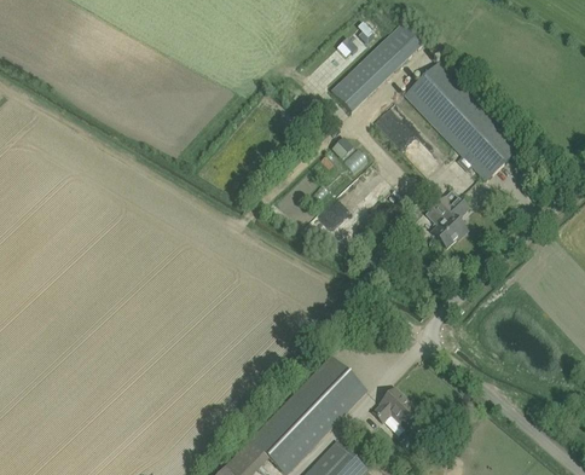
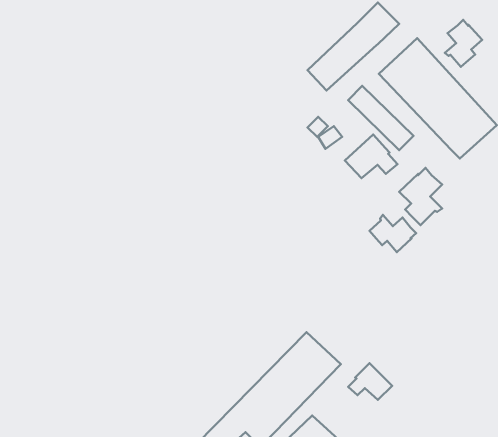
building: none -> [445,20,482,67]
building: none -> [345,135,398,178]
building: none -> [369,215,416,252]

